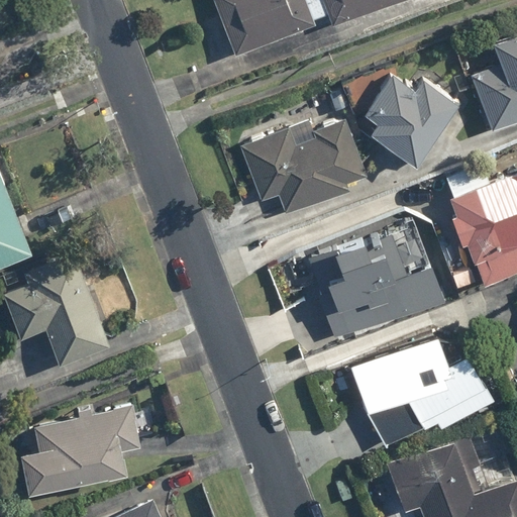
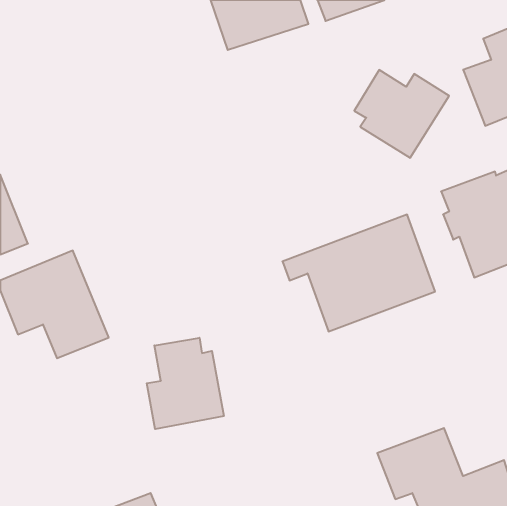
building: [241,120,365,215] -> none
building: [348,333,492,448] -> none
building: none -> [147,338,224,429]
building: [13,407,141,493] -> none

